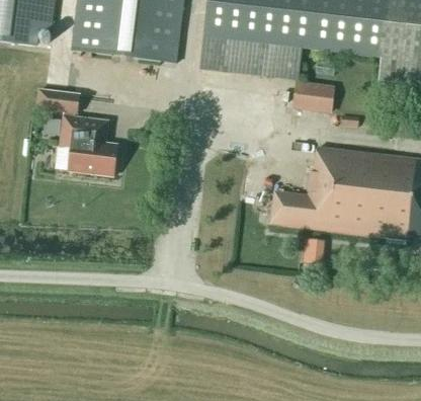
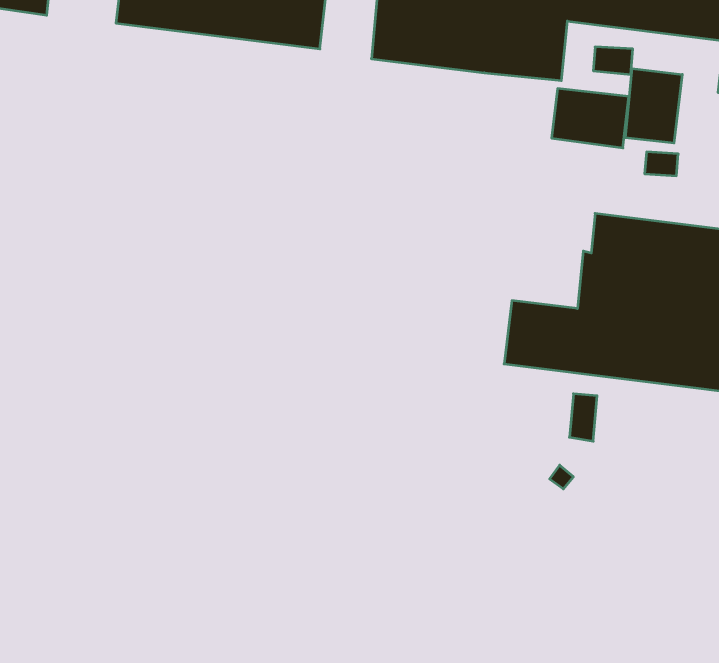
building: none -> [626,69,682,143]
building: [36,87,116,174] -> none

